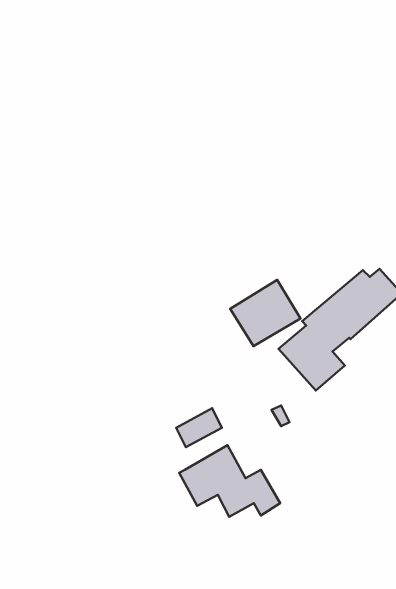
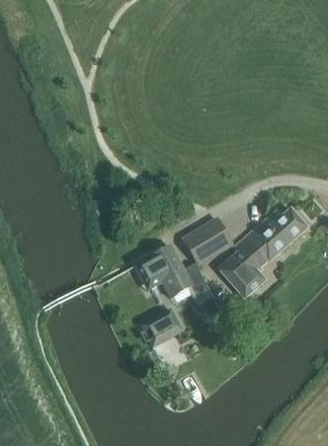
building: [179,445,280,517] -> [135,245,209,298]

